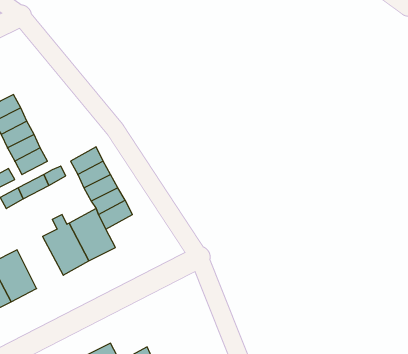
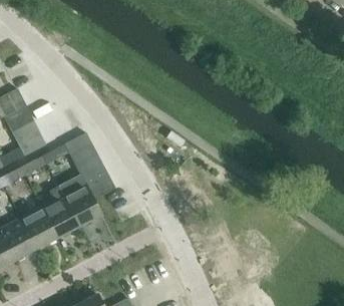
building: none -> [20,206,58,249]

